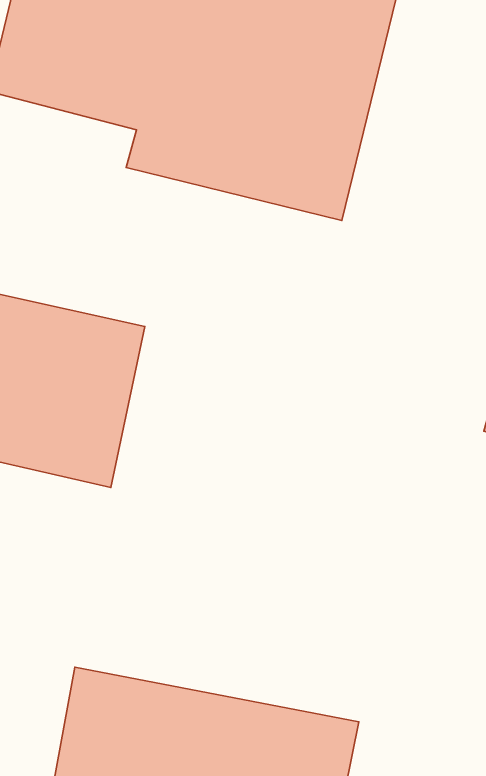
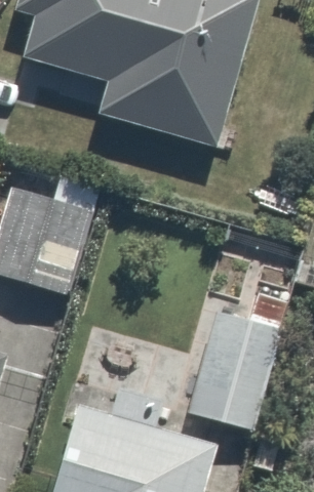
building: none -> [191,309,287,428]

